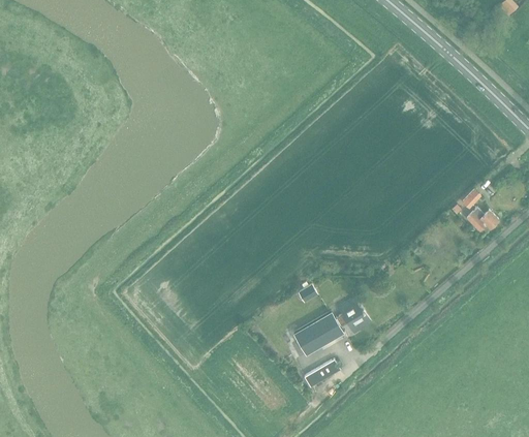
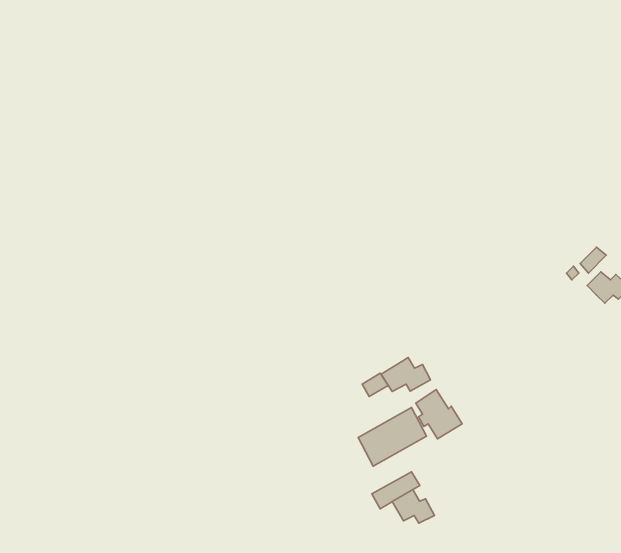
building: none -> [381,358,431,392]
building: none -> [392,490,434,523]

